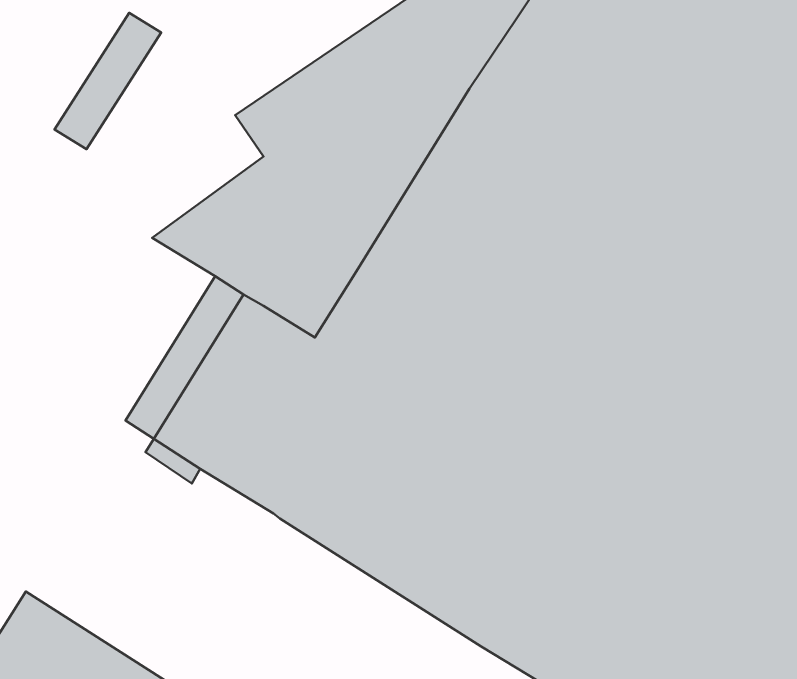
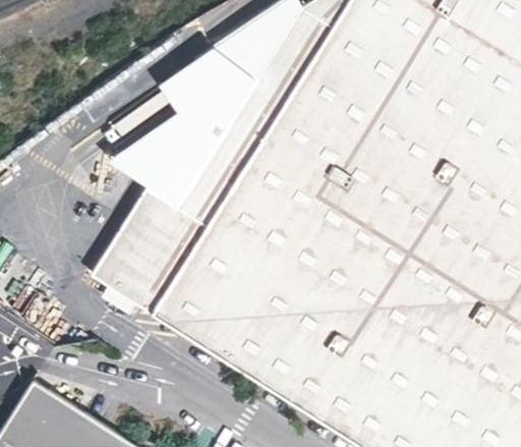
building: [54,13,161,149] -> none

